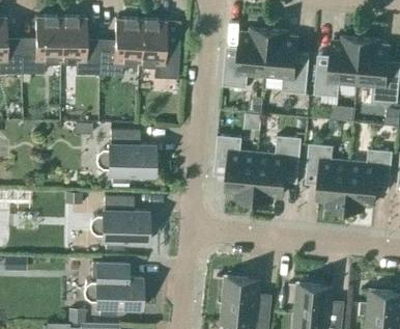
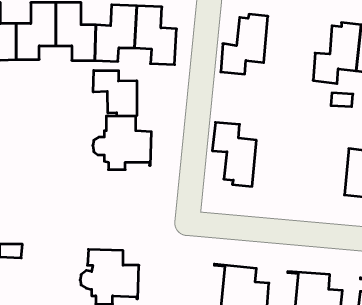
building: [265,31,308,93] -> none
building: none -> [93,70,137,116]
building: [254,137,302,201] -> none
building: [307,144,349,208] -> none
building: [90,195,148,249] -> none

